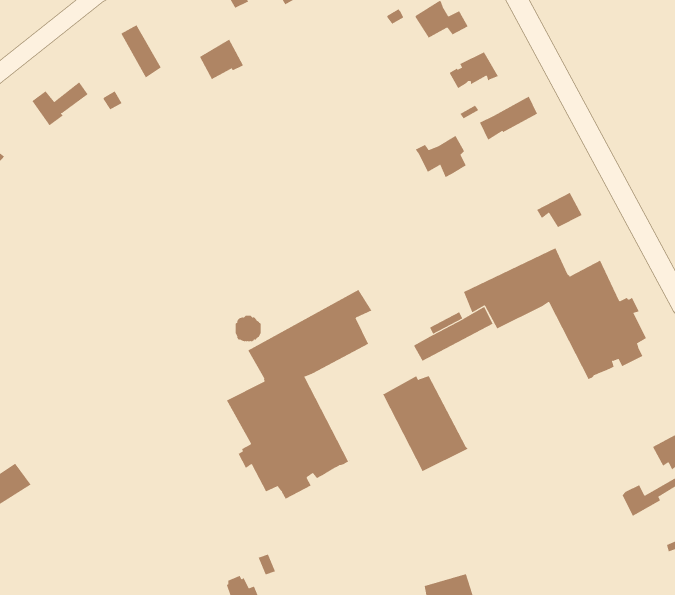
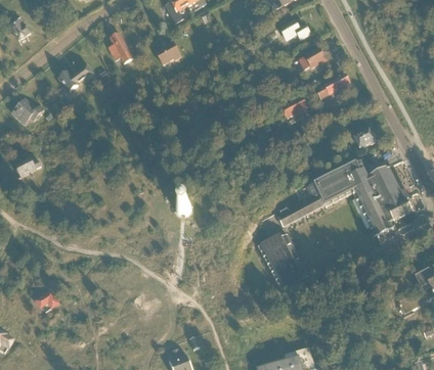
building: [226,289,372,500] -> none

